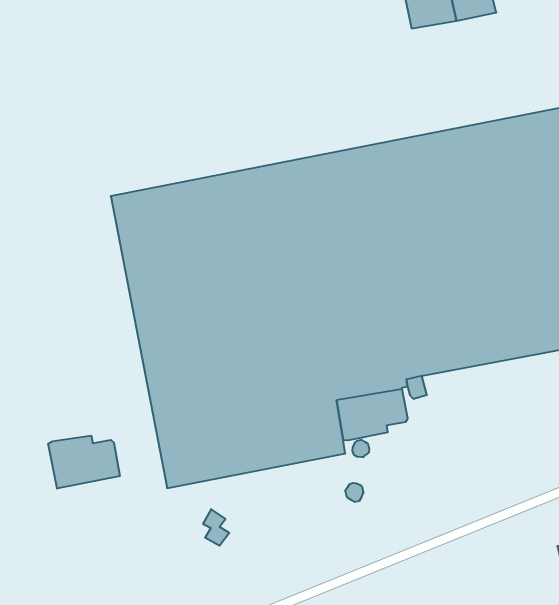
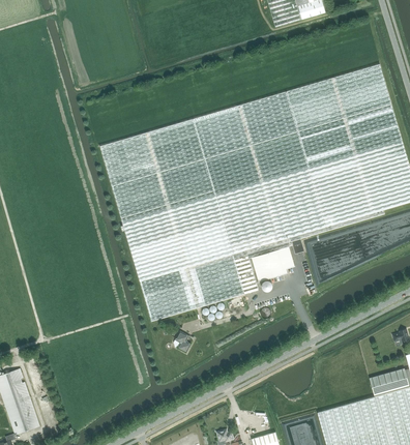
building: [48,436,120,489] -> none

